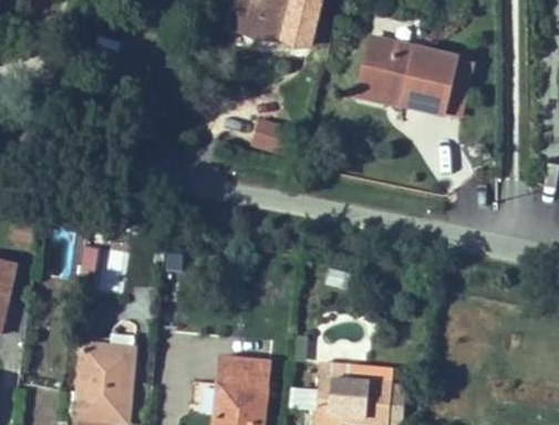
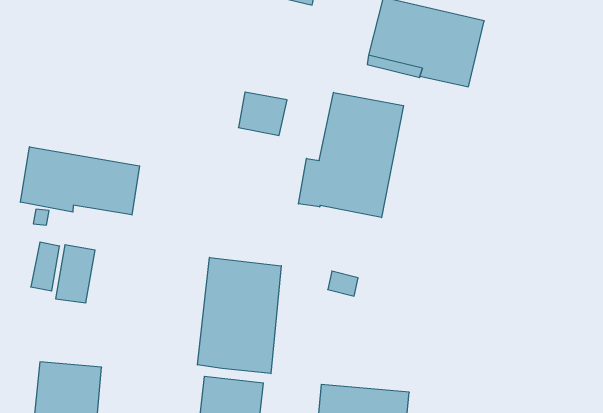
building: none -> [298,92,404,218]
building: none -> [20,147,140,215]
building: none -> [198,257,281,374]

